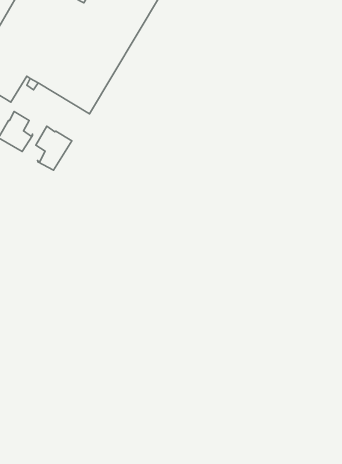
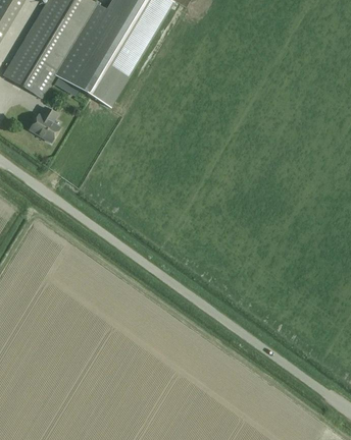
building: [36,126,72,170] -> none

